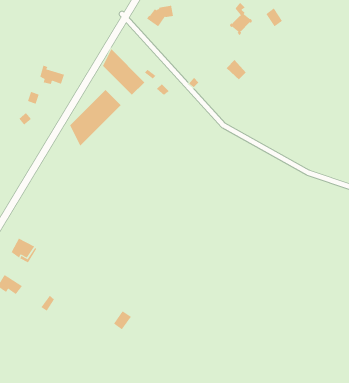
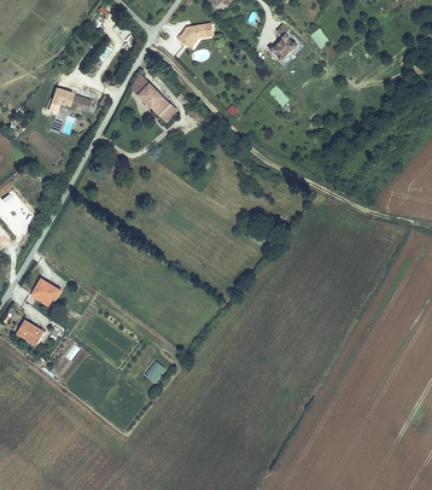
building: [69,89,122,146] -> none

